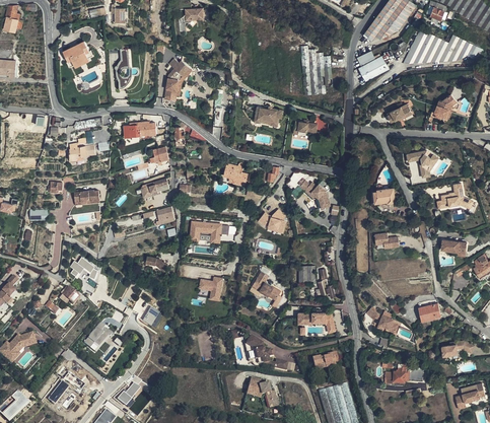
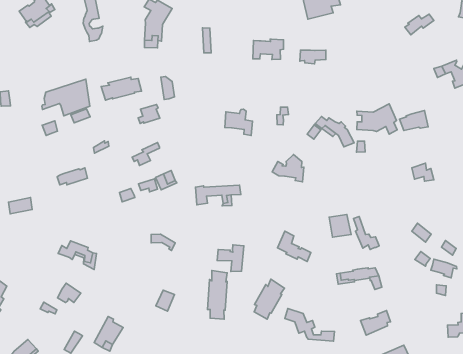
building: none -> [357,104,397,134]
building: none -> [207,271,227,319]
building: none -> [254,279,285,319]

